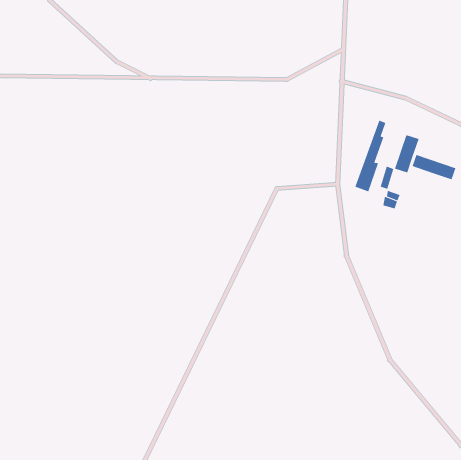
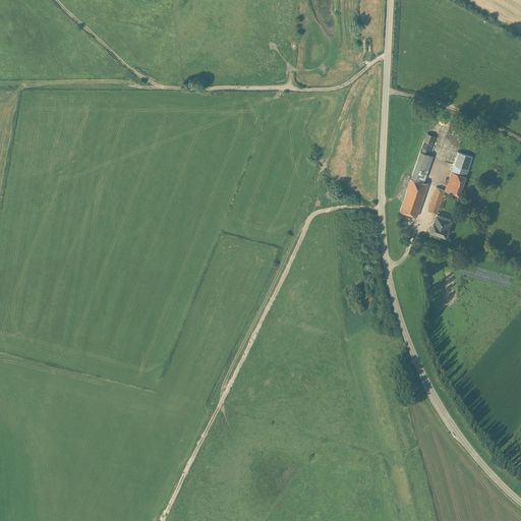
building: [412,154,456,180] -> none

